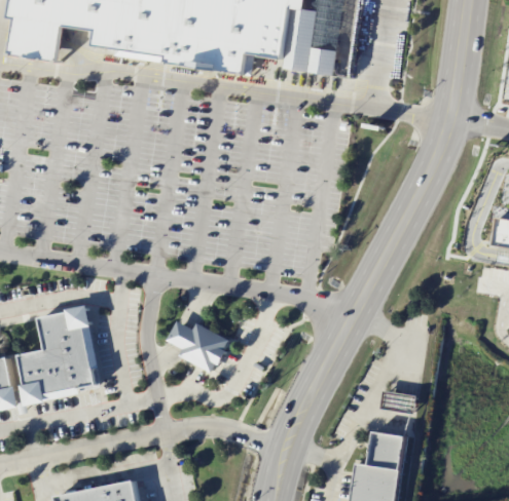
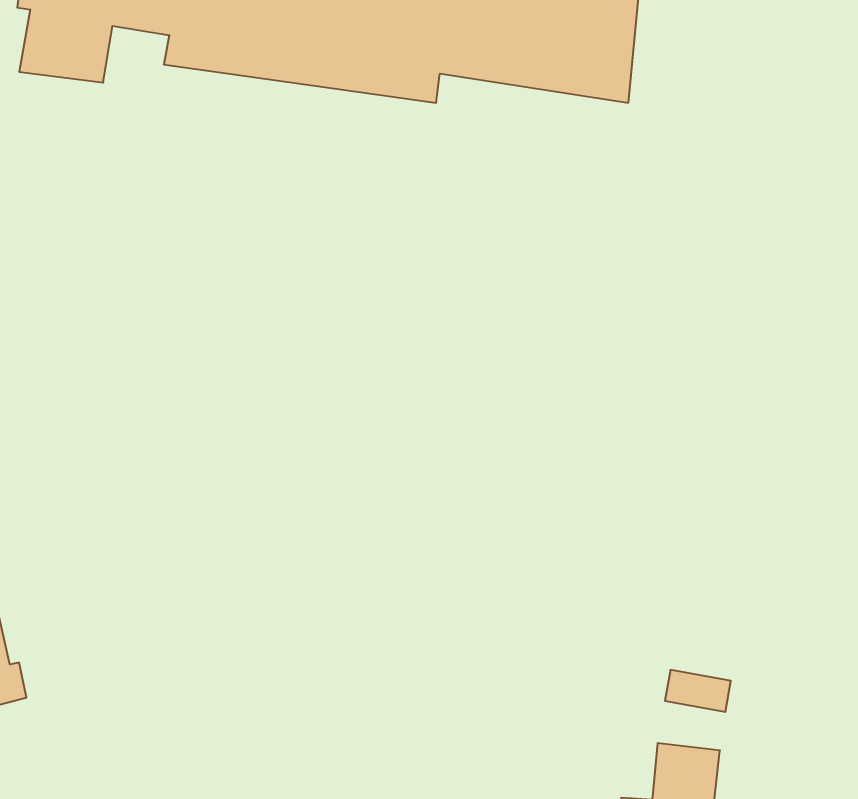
building: [12,310,96,402] -> none
building: [168,323,229,379] -> none

